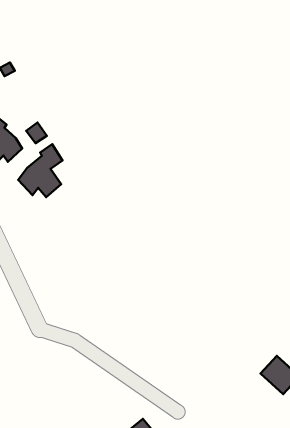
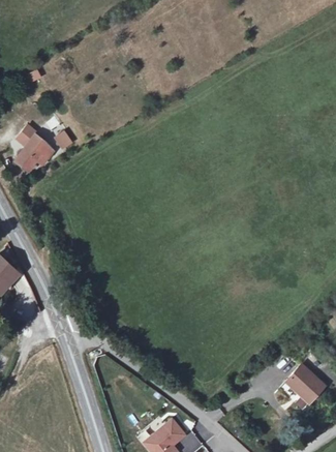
building: [18,144,62,197] -> none

